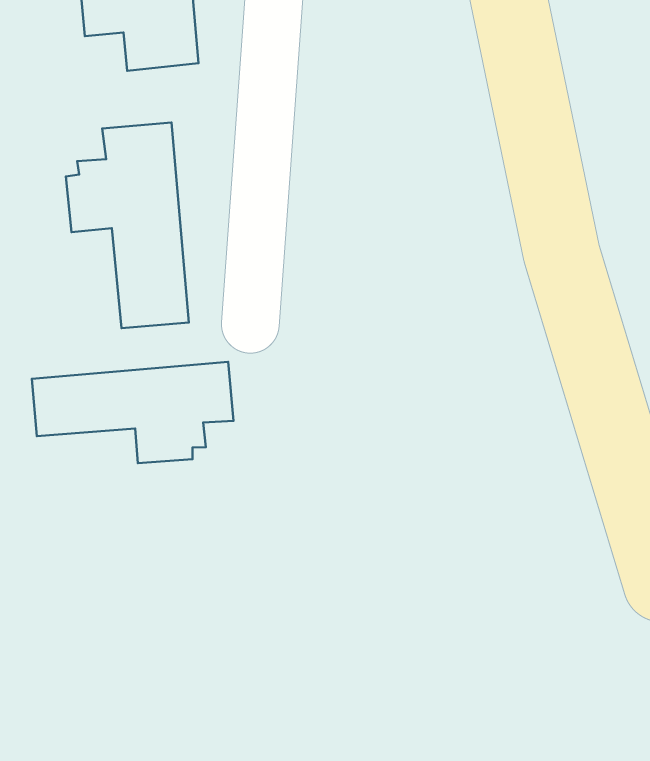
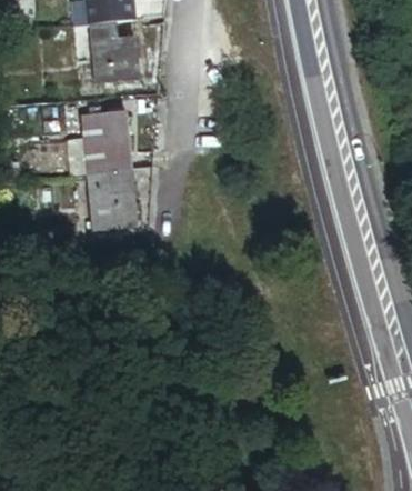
building: [32,362,233,463] -> none

